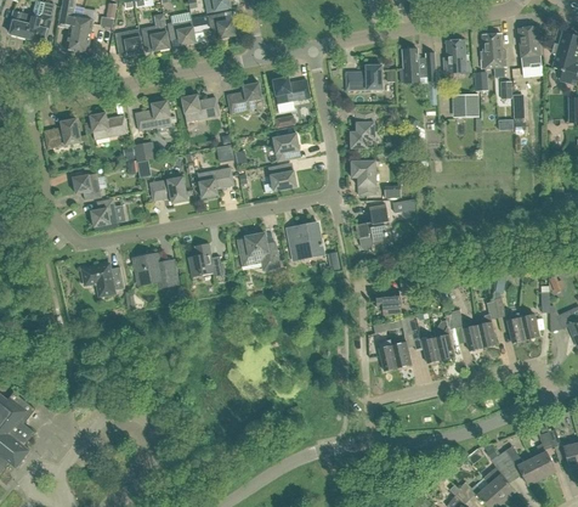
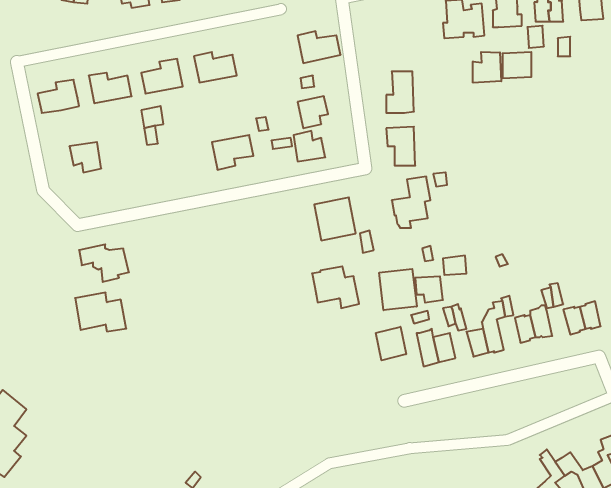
building: [345,64,381,89] -> none
building: [226,81,261,112] -> none
building: none -> [473,52,501,83]
building: [149,175,187,203] -> none
building: [90,198,117,226] -> none
building: [237,232,278,269] -> [312,266,359,308]
building: [188,242,222,276] -> none
building: [132,252,177,286] -> [75,293,126,331]
building: none -> [379,269,417,310]
building: none -> [376,327,406,360]

